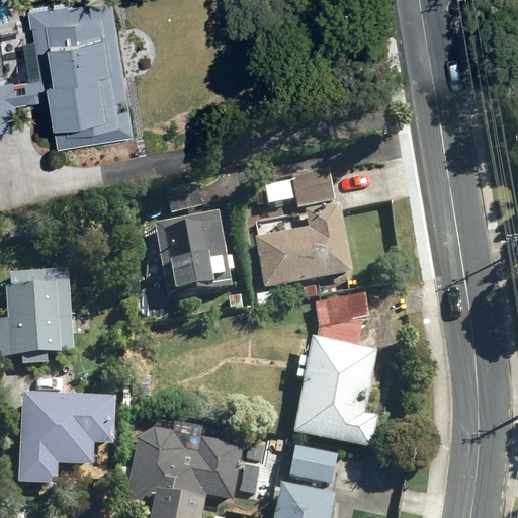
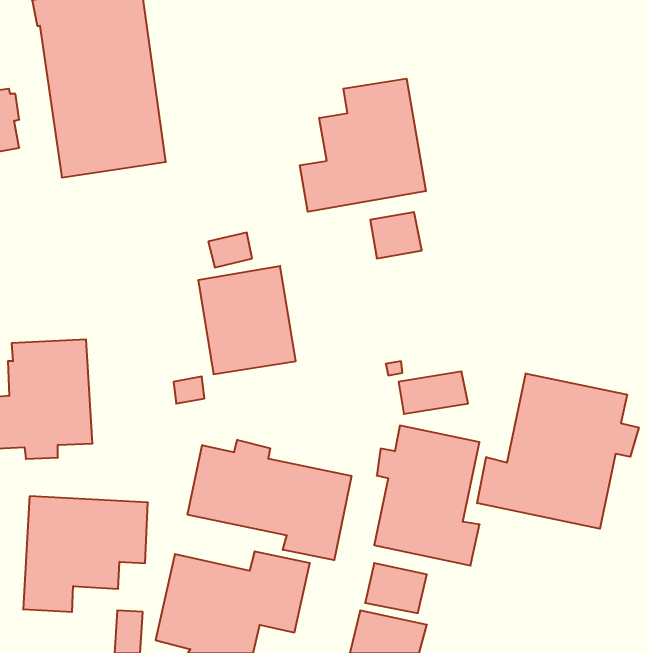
building: none -> [300,79,426,212]
building: [255,202,352,285] -> none
building: none -> [477,373,639,529]
building: none -> [188,440,351,560]

